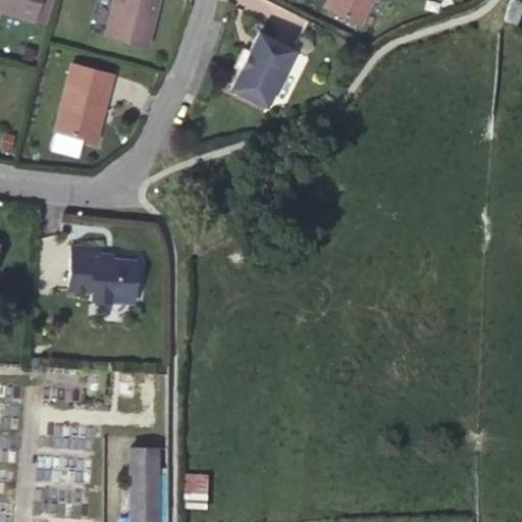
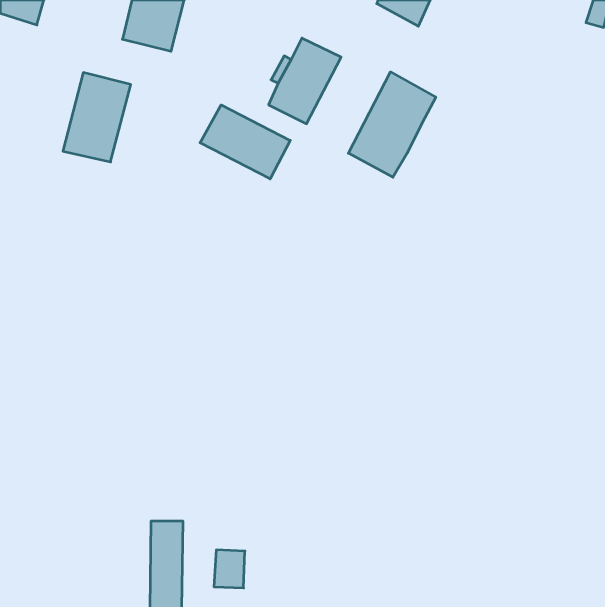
building: none -> [348,72,436,177]
building: none -> [200,105,290,179]
building: [72,244,141,303] -> none

